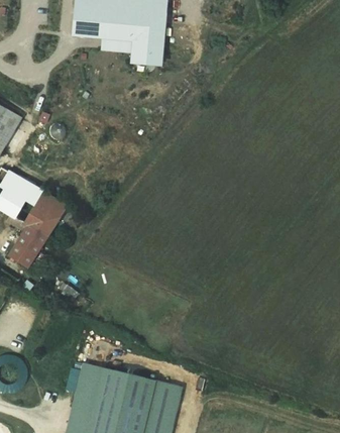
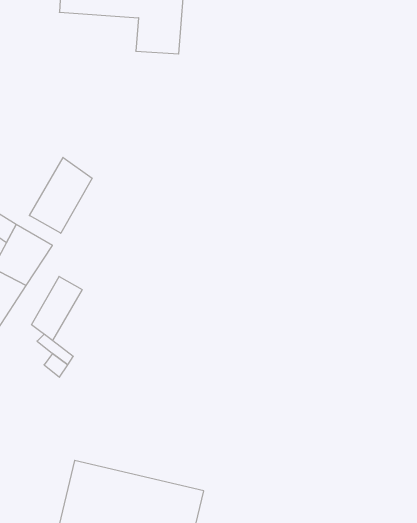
building: none -> [29,157,92,233]
building: none -> [32,276,82,341]

